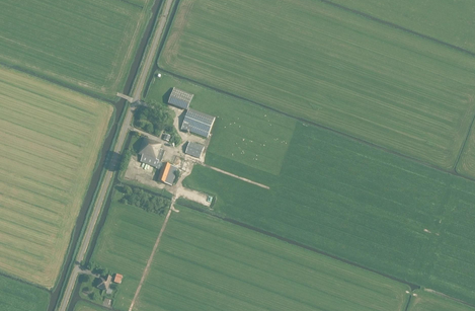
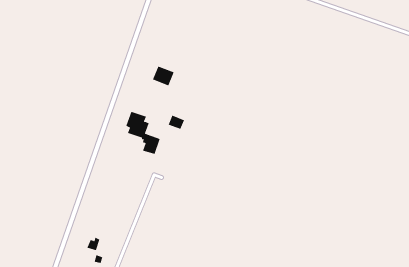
building: [180,108,214,138] -> none

